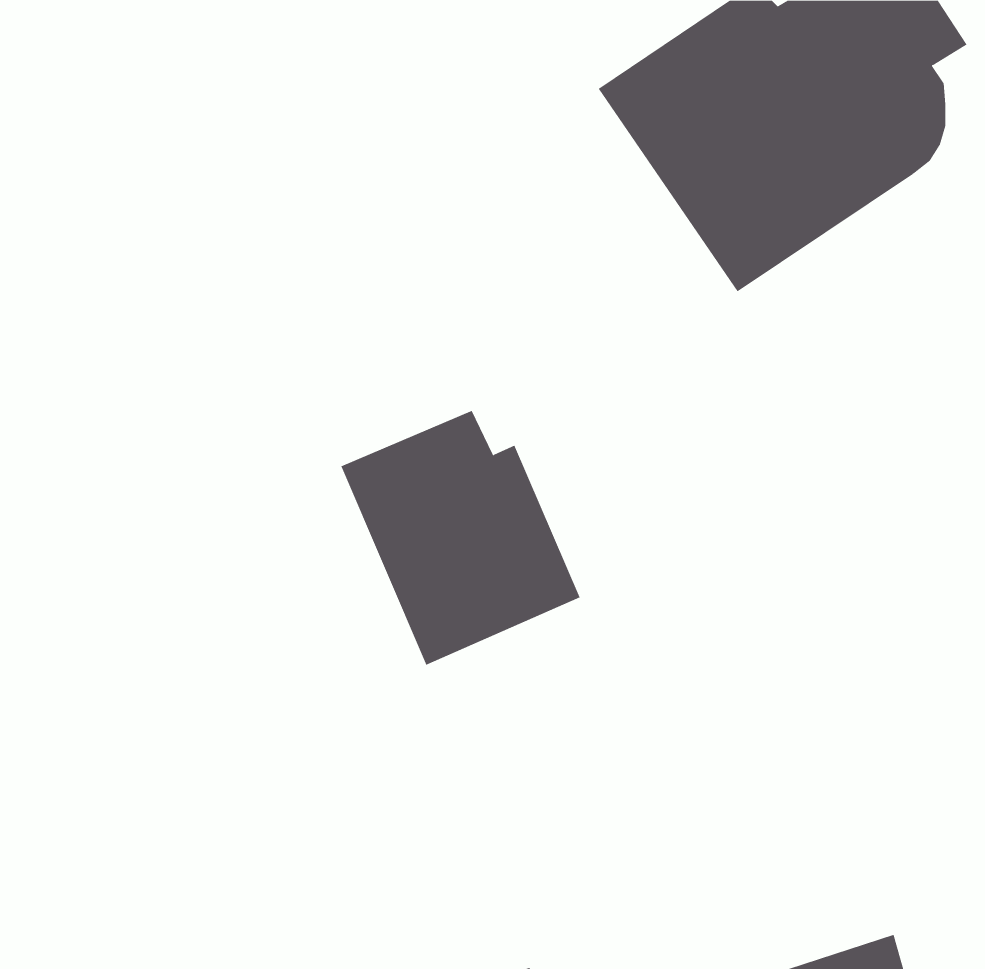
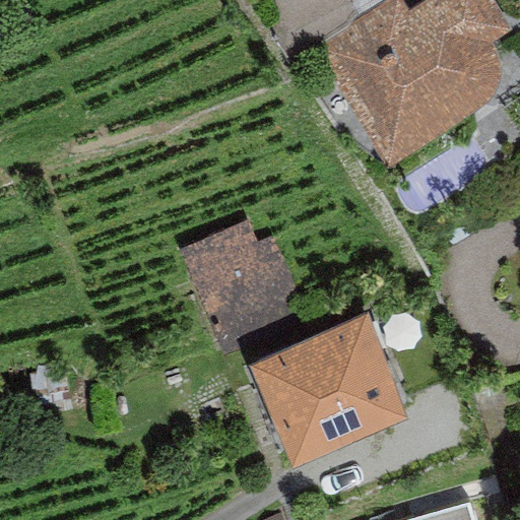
building: none -> [251,303,407,449]

